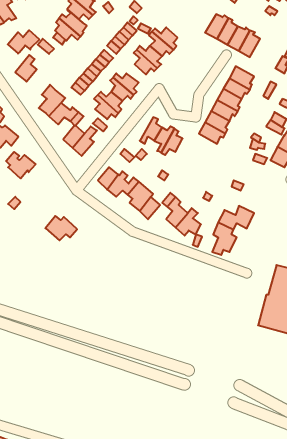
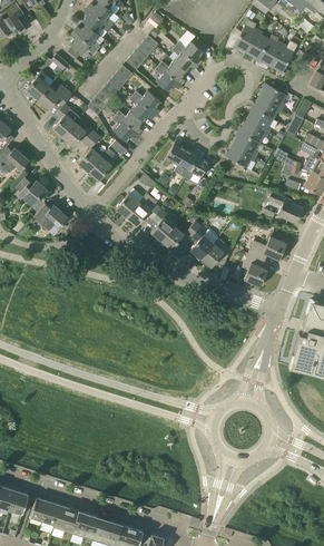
building: [8,30,39,54] -> [38,85,72,110]
building: none -> [268,193,302,223]
building: [45,216,77,240] -> [33,204,68,231]

